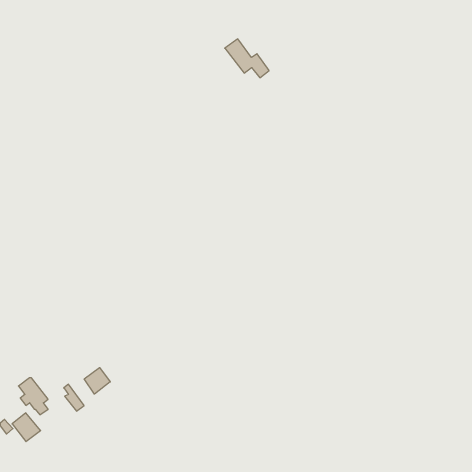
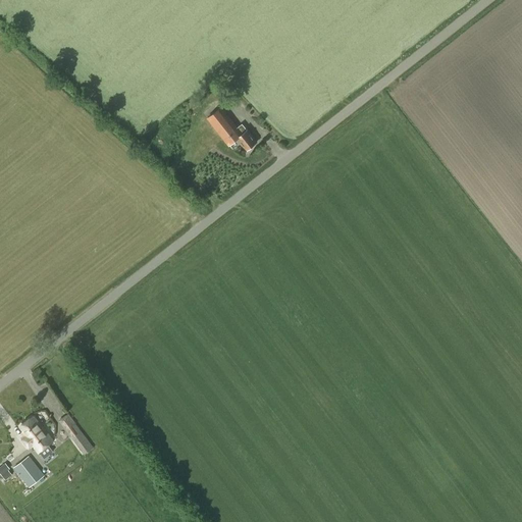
building: [225,39,269,78] -> [207,107,256,150]
building: [84,368,110,394] -> none

